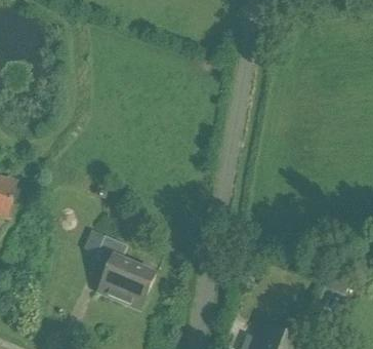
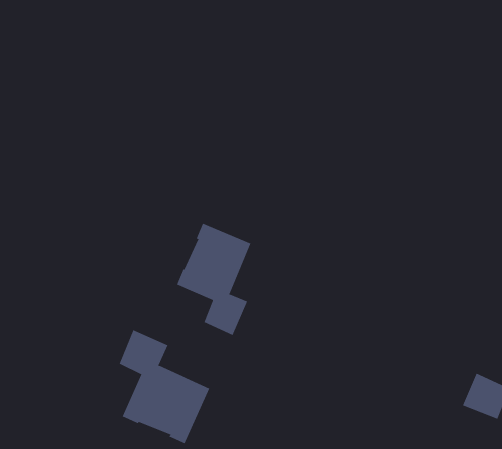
building: none -> [176,223,251,336]

